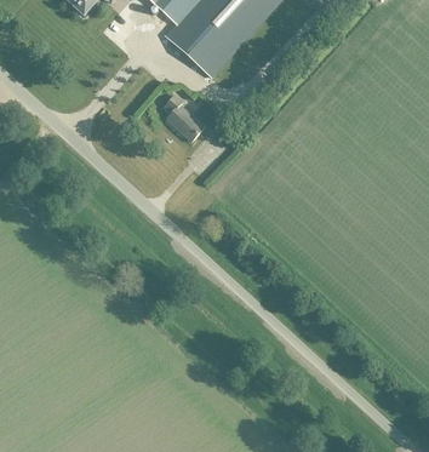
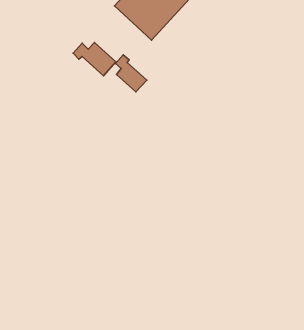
building: none -> [73,43,116,76]

